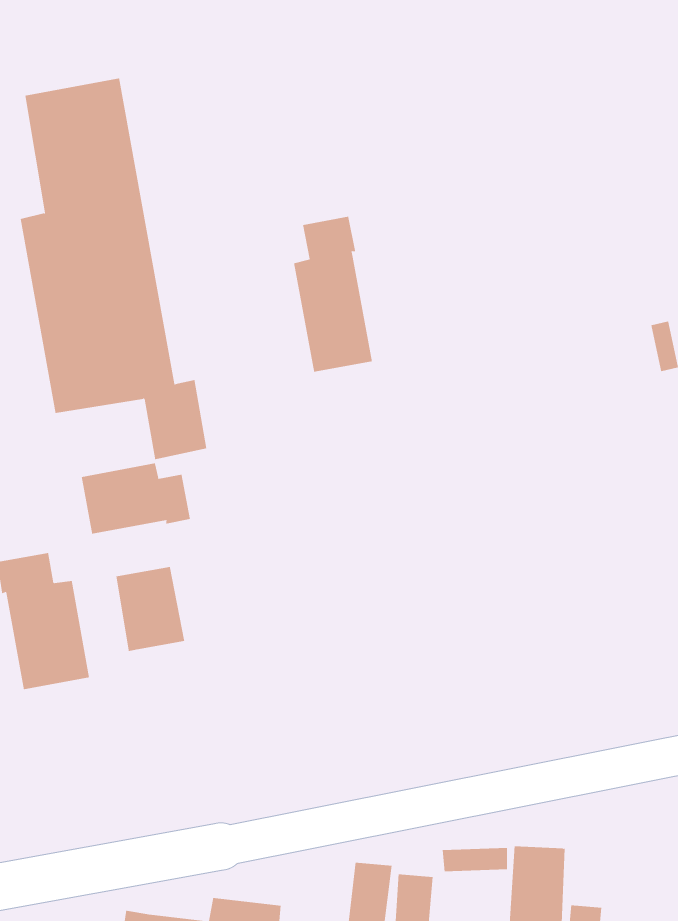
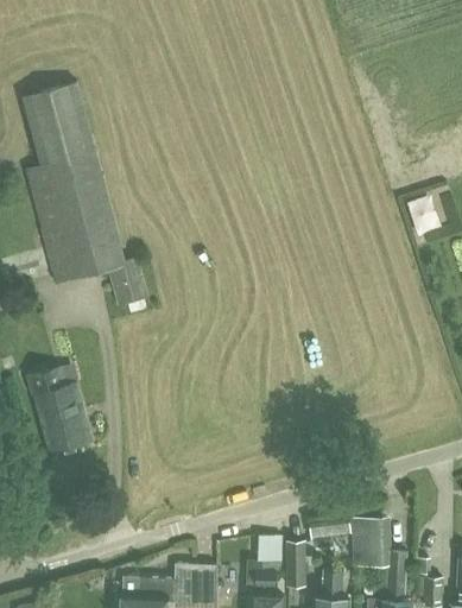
building: [293,216,372,373] -> none
building: [81,463,190,535] -> none
building: [116,566,185,652] -> none

